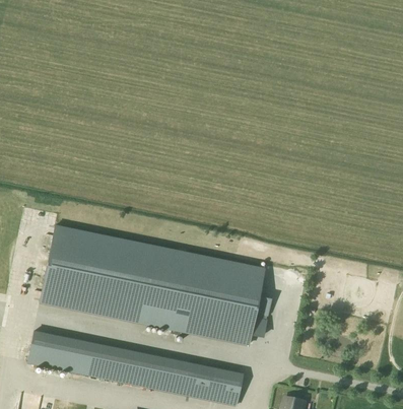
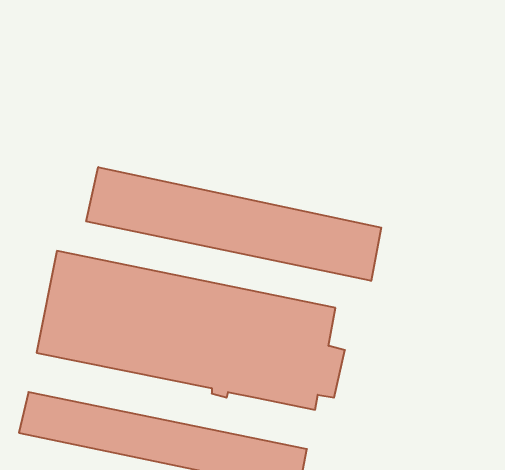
building: none -> [86,167,381,281]

